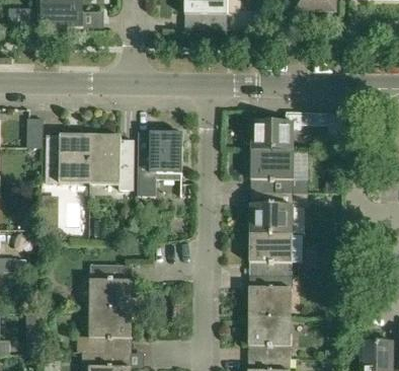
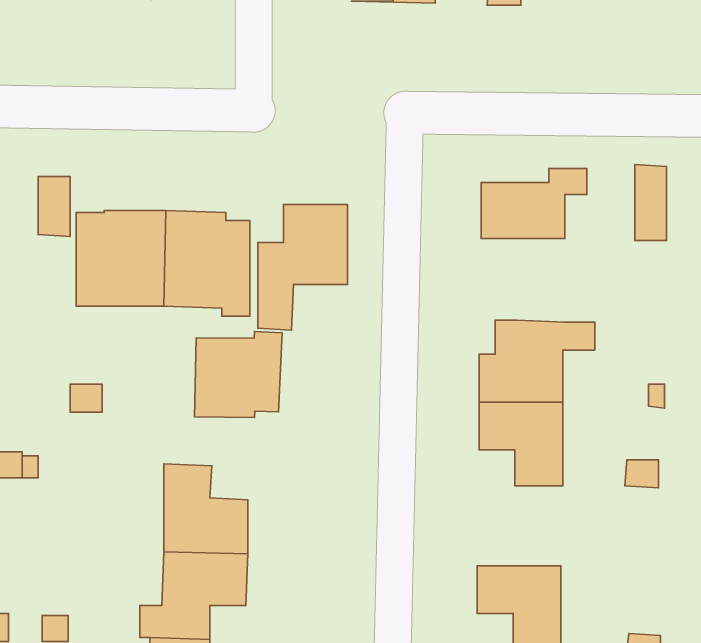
building: [249,149,308,192] -> none
building: none -> [195,332,282,418]
building: [248,274,292,315] -> none

